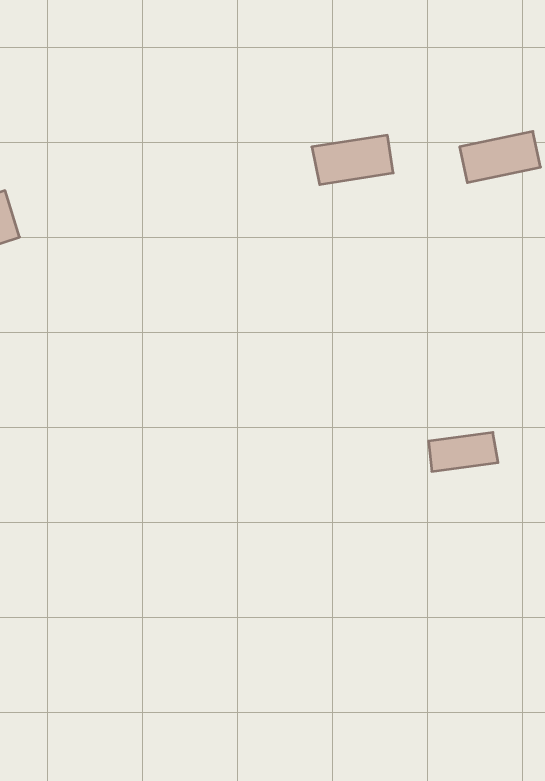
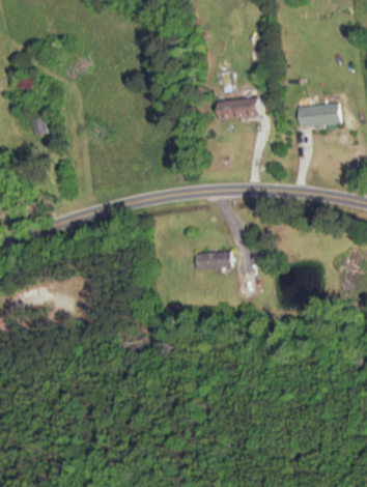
building: [429,432,498,471] -> [195,251,231,268]

